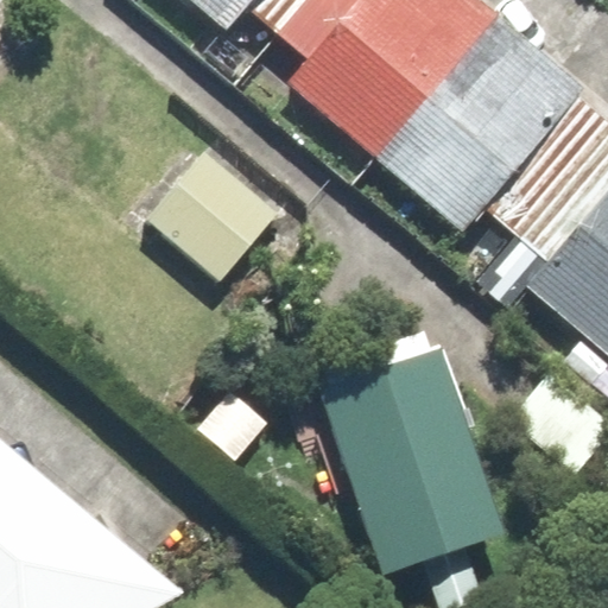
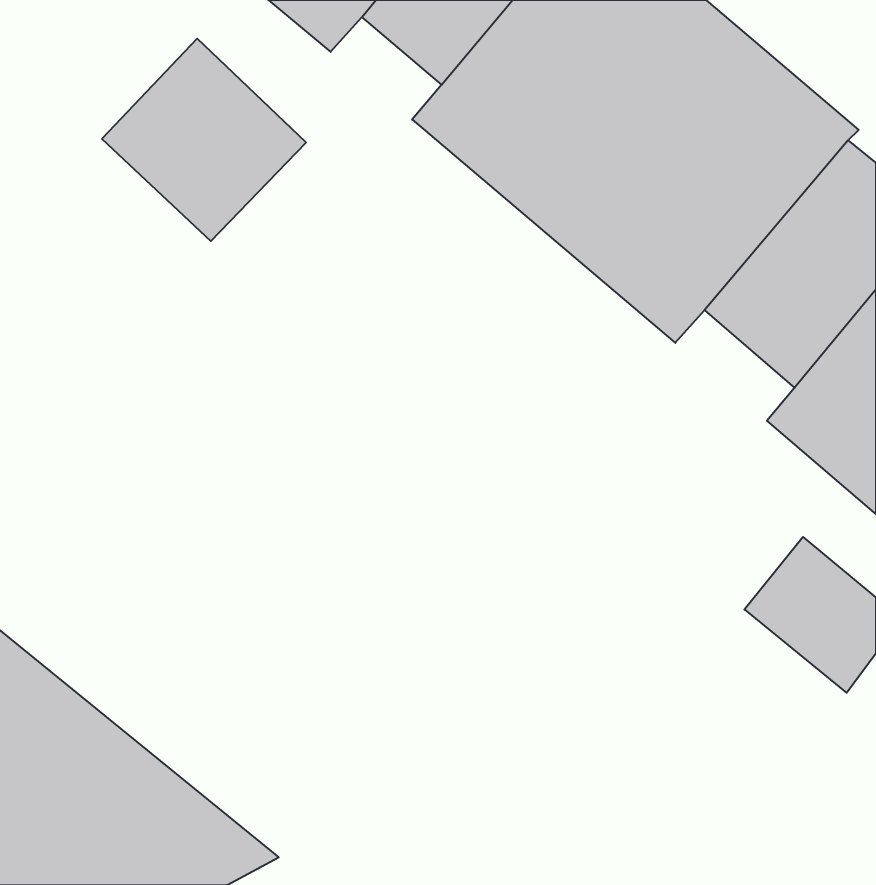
building: [141,144,281,283] -> [102,39,306,241]
building: [321,332,507,571] -> none

